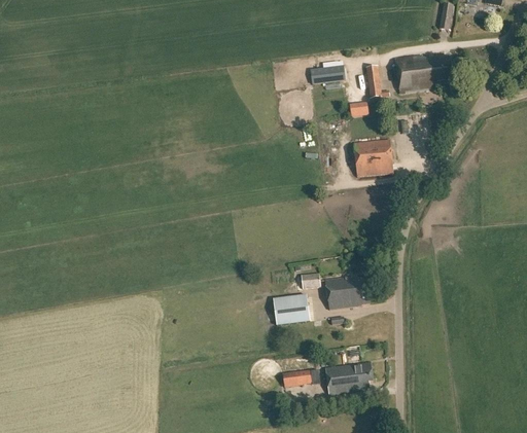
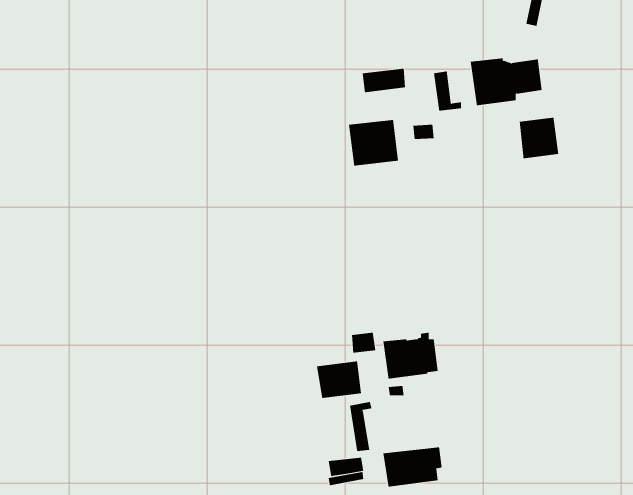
building: none -> [519,117,559,159]
building: [354,139,394,176] -> [348,119,399,166]
building: none -> [350,401,372,452]

